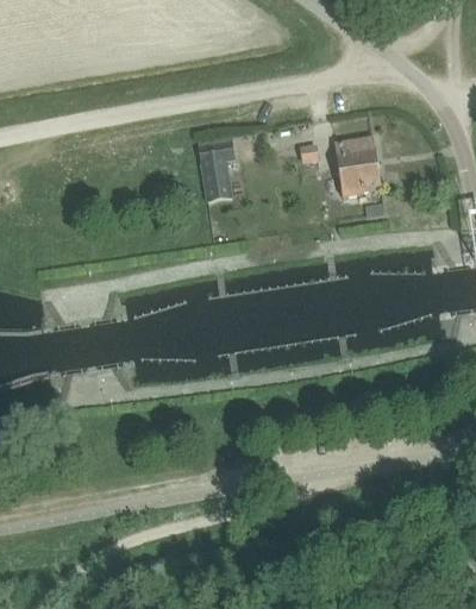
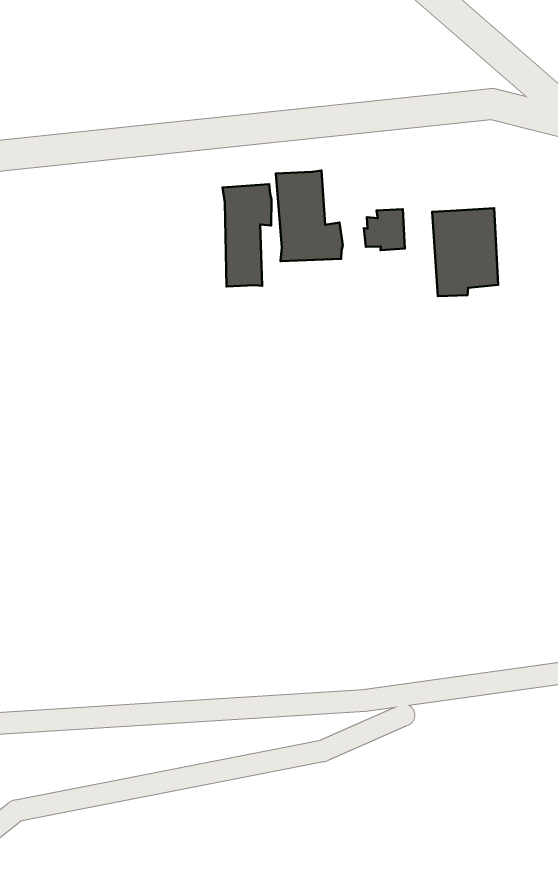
building: none -> [276,170,343,261]

